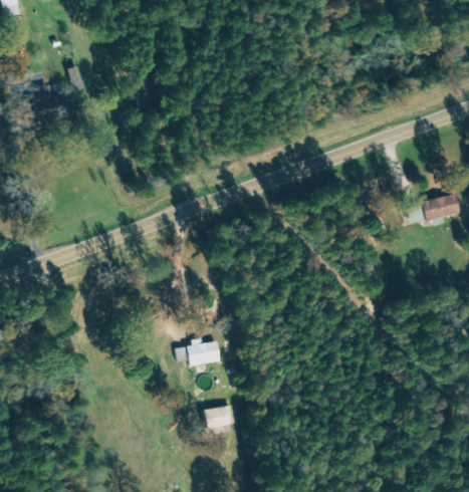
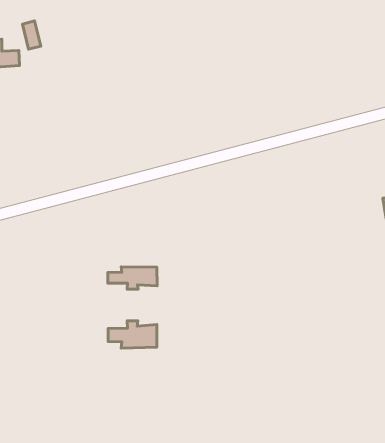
building: none -> [108,267,157,289]
building: [202,406,236,431] -> none

